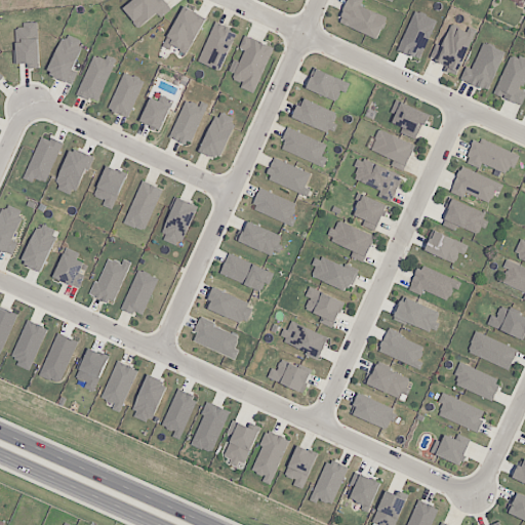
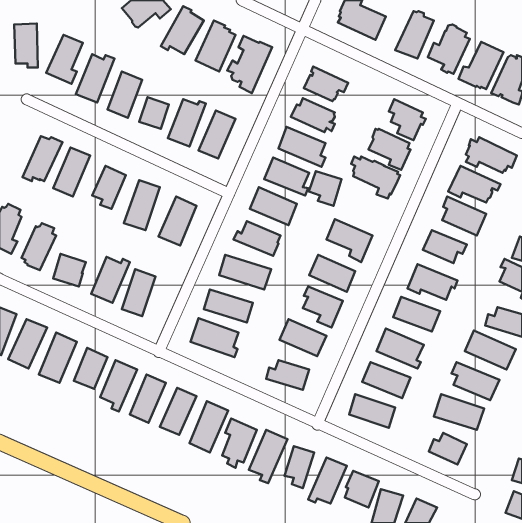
building: [353,195,386,230] -> [309,171,342,206]

